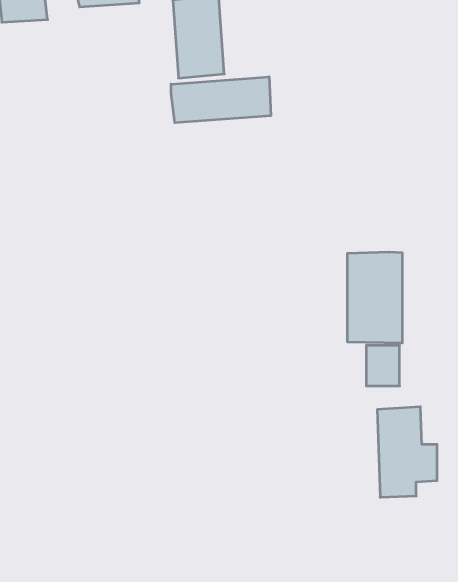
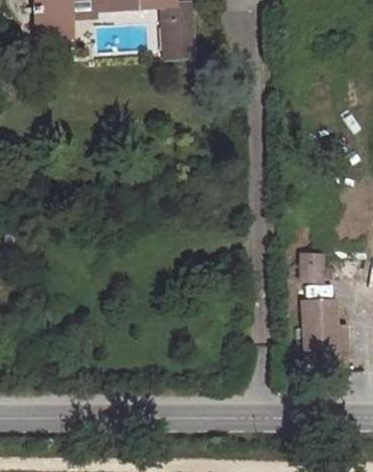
building: [171,77,271,123] -> none
building: [348,252,402,343] -> none

